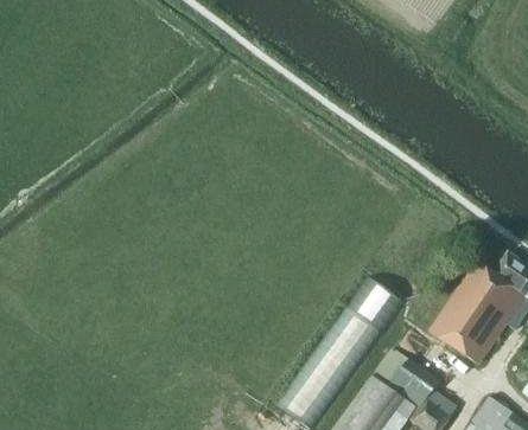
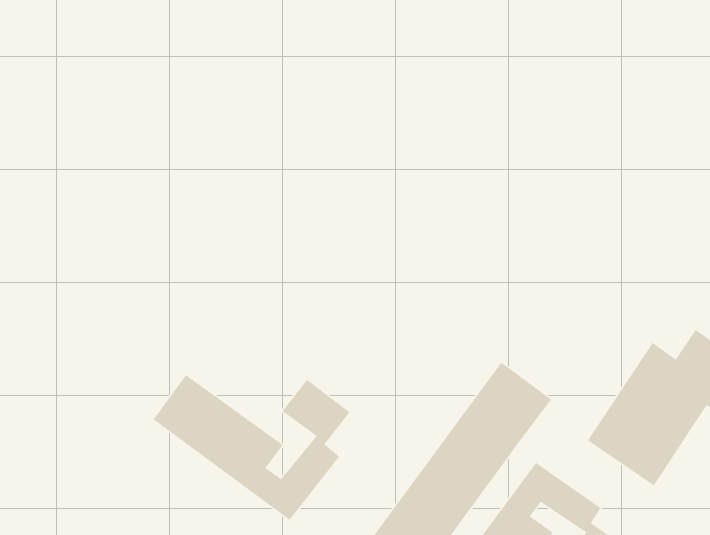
building: none -> [152,374,351,521]

